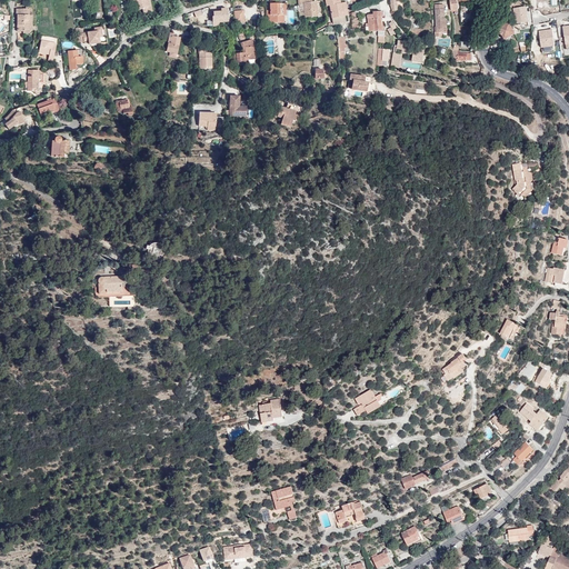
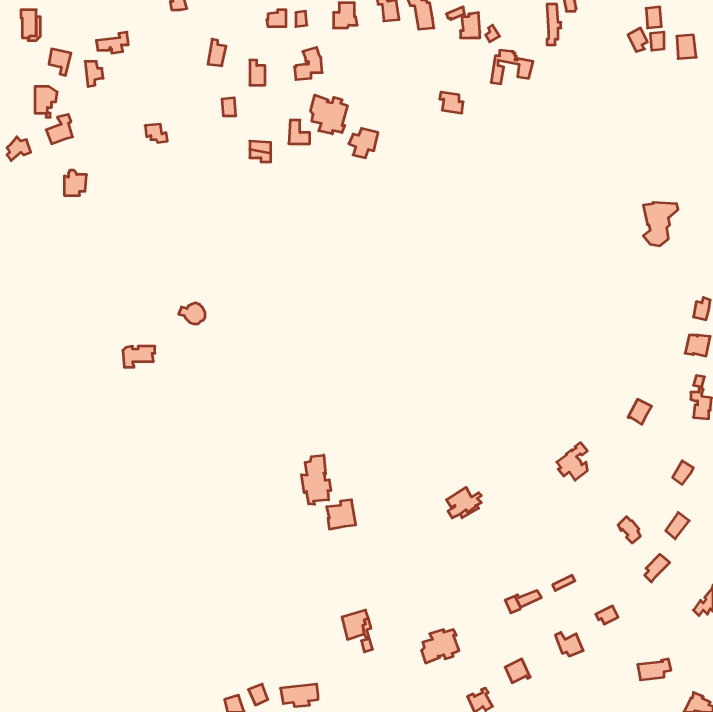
building: none -> [311,95,347,134]
building: none -> [301,455,331,504]

